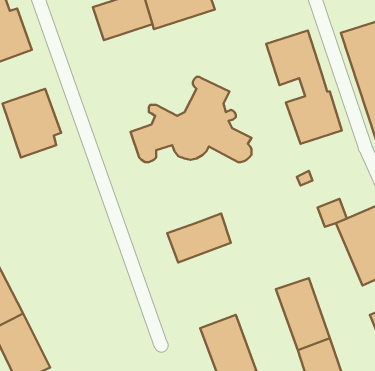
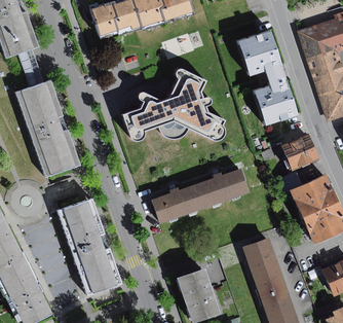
building: none -> [28,125,79,178]
building: none -> [281,134,319,170]
building: none -> [196,168,250,208]
building: none -> [55,198,119,294]

